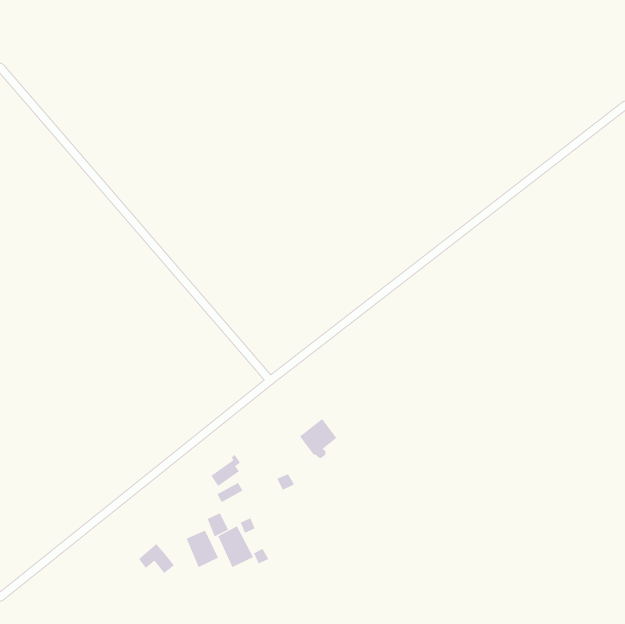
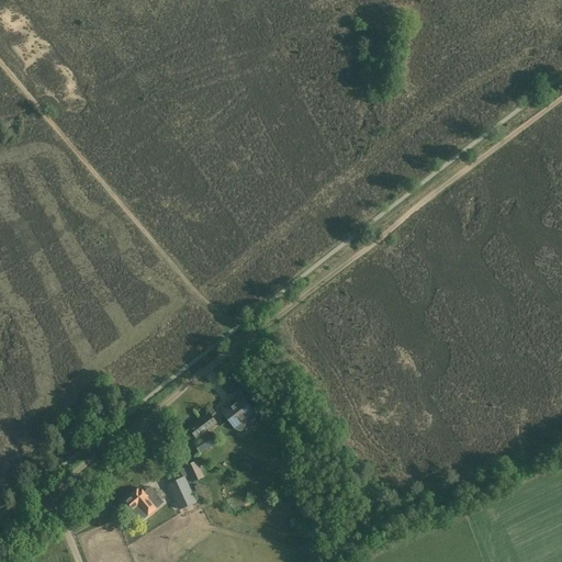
building: [299,418,337,459] -> [221,394,255,430]
building: [217,526,254,568] -> none

